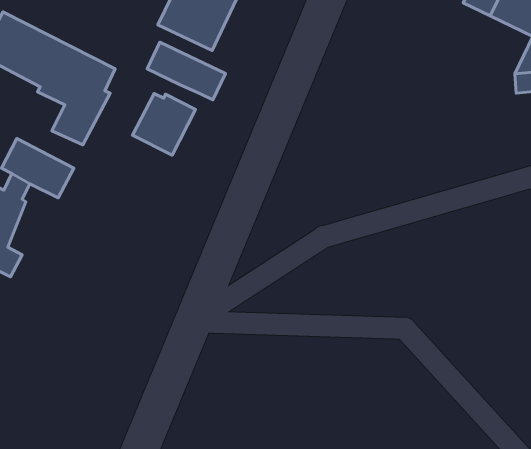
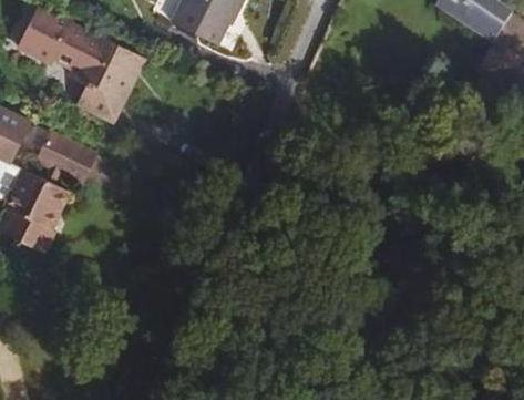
building: [147,42,225,100] -> none
building: [133,93,195,155] -> none

